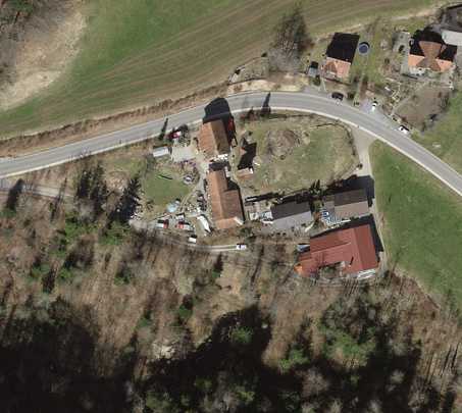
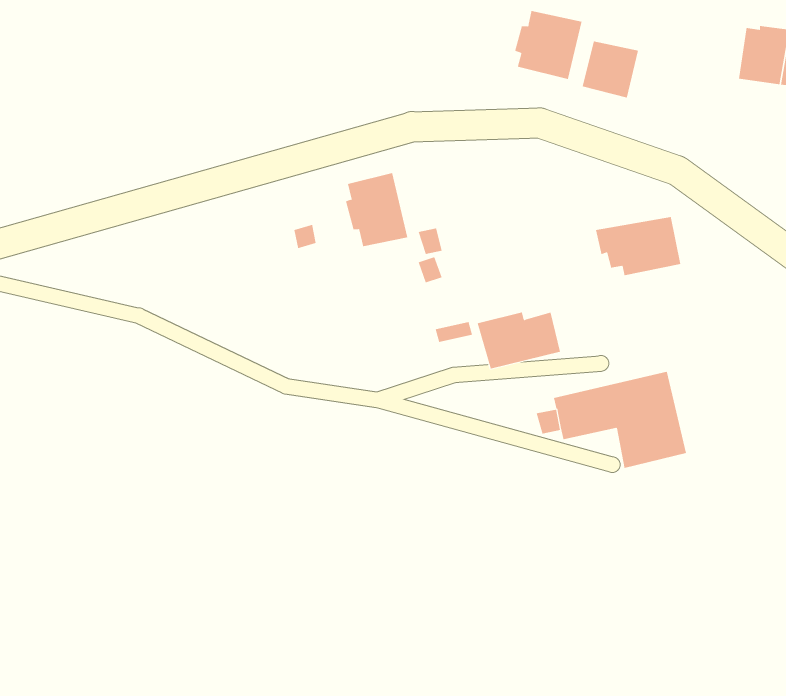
building: none -> [514,10,582,80]
building: [204,169,244,234] -> none
building: [320,184,366,215] -> [595,217,681,276]

